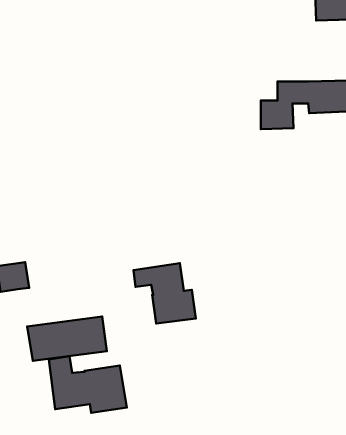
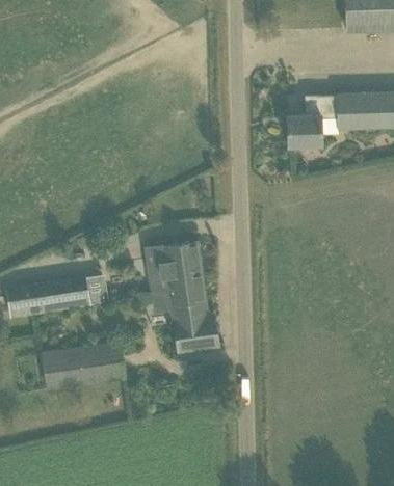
building: none -> [148,241,203,294]
building: none -> [40,278,89,313]
building: [49,356,127,413] -> none

